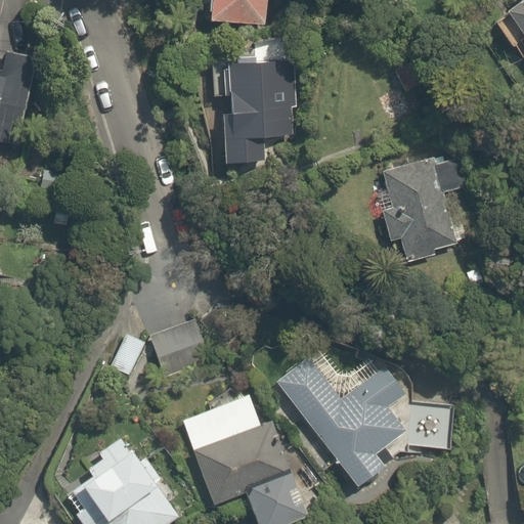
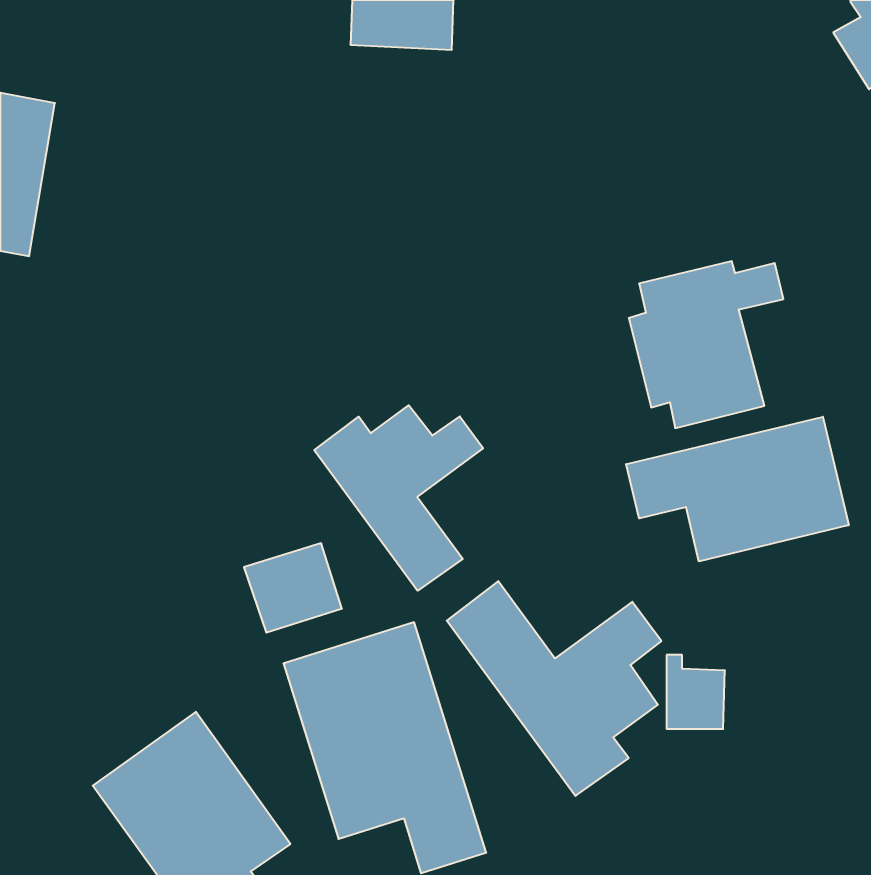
building: [217,61,300,172] -> none
building: none -> [314,405,483,591]
building: none -> [626,417,849,561]

